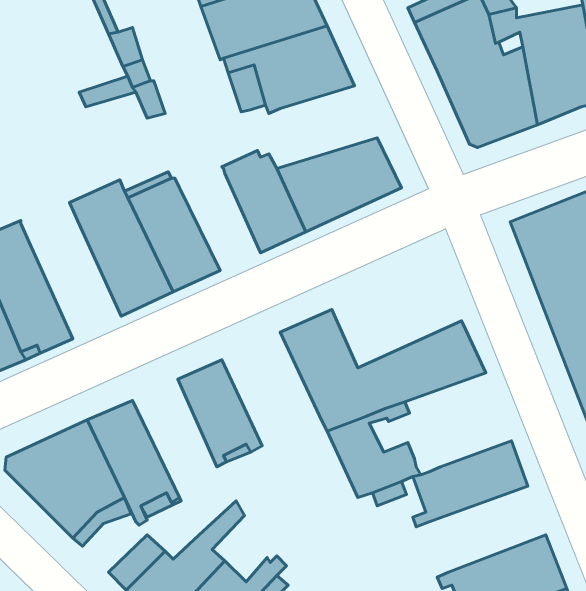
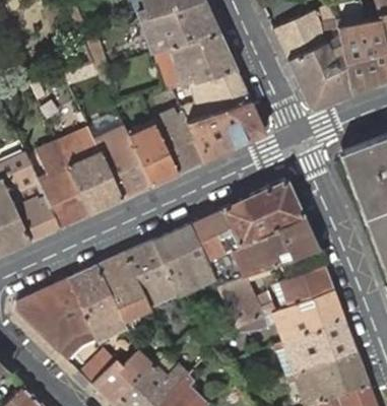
building: none -> [184,70,252,122]
building: none -> [128,122,179,186]
building: none -> [34,143,91,228]
building: none -> [223,181,305,247]
building: none -> [154,224,217,296]
building: none -> [99,254,152,322]
building: none -> [282,267,336,309]
building: none -> [284,321,358,375]

